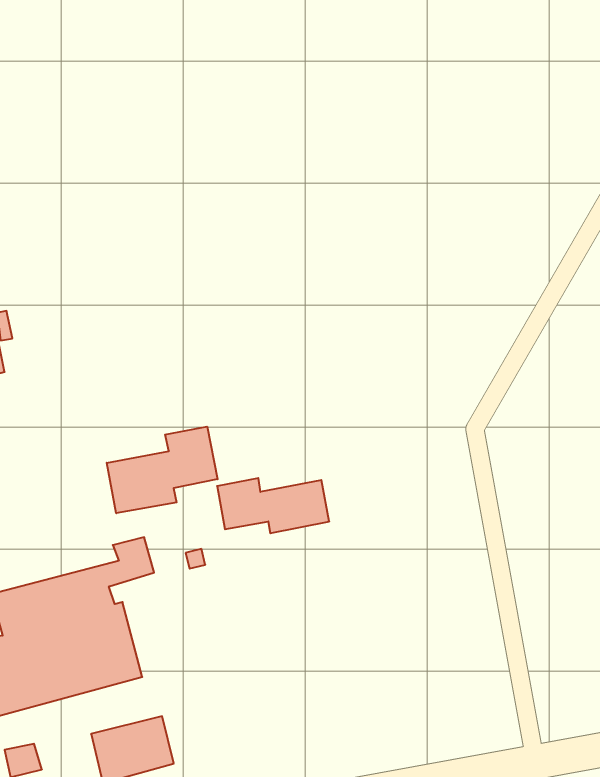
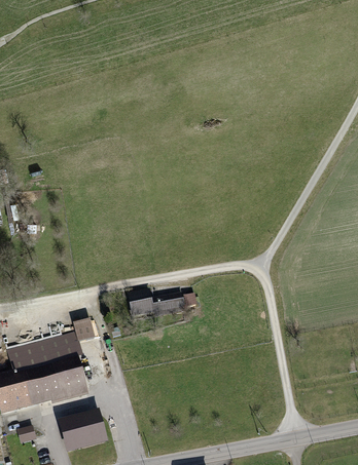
building: [107,427,218,513] -> none

